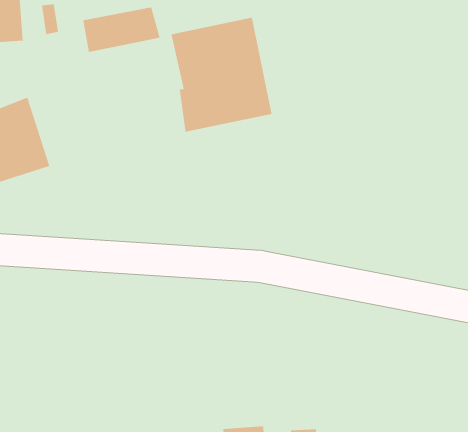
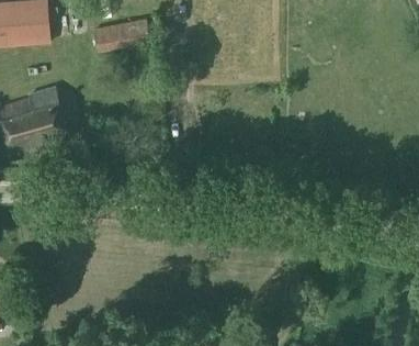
building: [171,17,272,132] -> none

